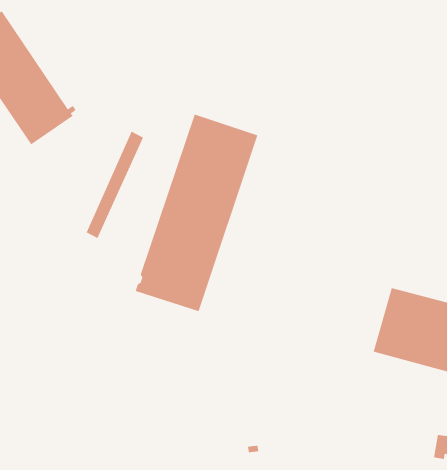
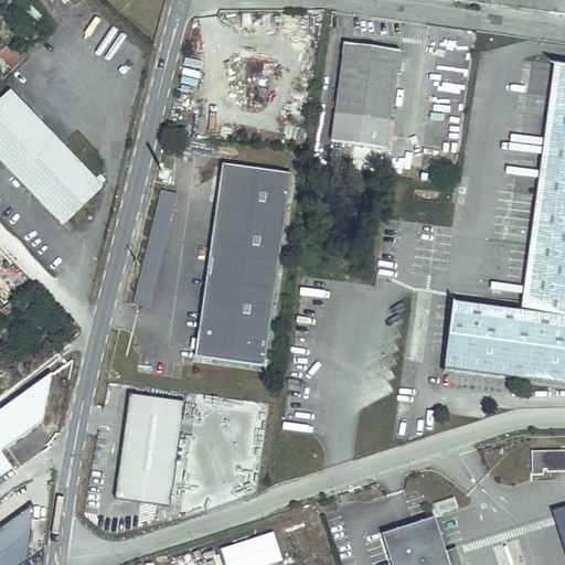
building: none -> [326,36,399,154]
building: none -> [115,393,184,505]

